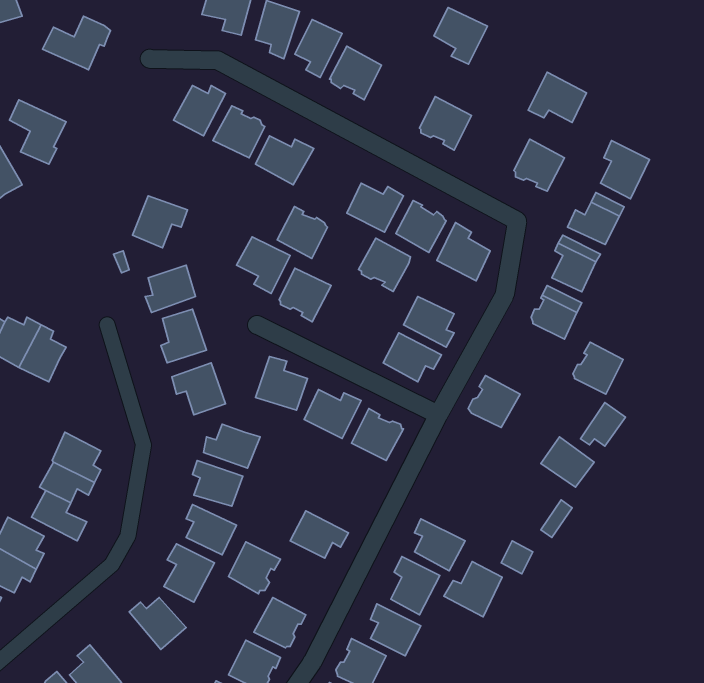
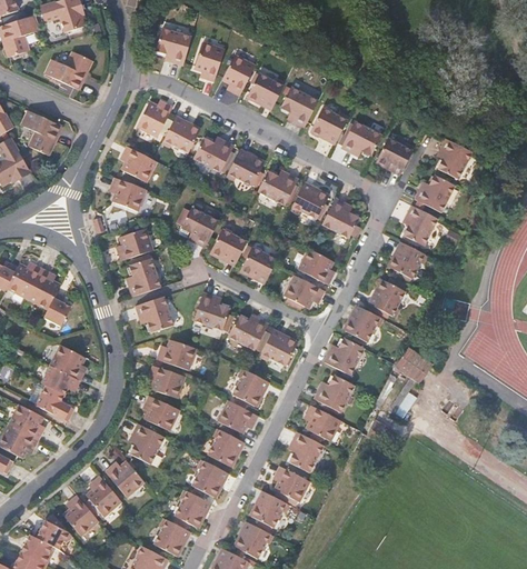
building: [434,7,488,64] -> [279,87,317,127]
building: [528,72,587,123] -> [339,122,380,158]
building: none -> [121,144,157,182]
building: [277,207,327,259] -> [228,148,264,184]
building: [358,238,410,292] -> [239,247,276,284]
building: [573,342,623,394] -> [368,279,404,316]
building: none -> [43,292,71,327]
building: [581,403,626,446] -> none
building: none -> [324,338,364,377]
building: none -> [233,370,270,406]
building: [228,542,280,594] -> [209,430,246,467]
building: [444,562,502,617] -> [314,375,355,413]
building: none -> [84,476,121,517]

